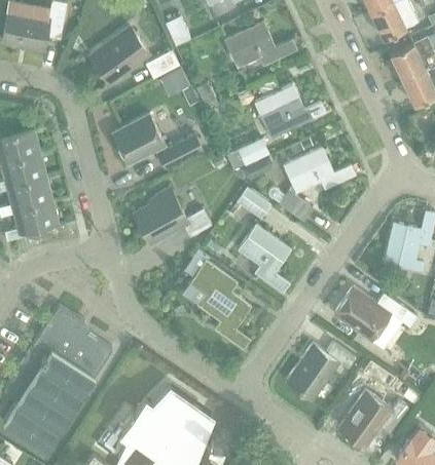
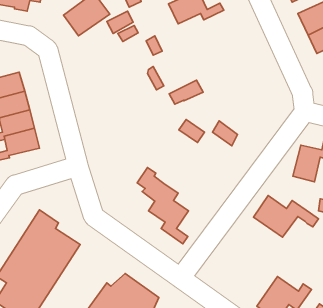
building: [254,86,324,139] -> none
building: [112,116,203,169] -> none
building: [283,148,355,193] -> none
building: [134,190,212,245] -> none
building: [240,226,290,292] -> none
building: [286,343,355,400] -> none

